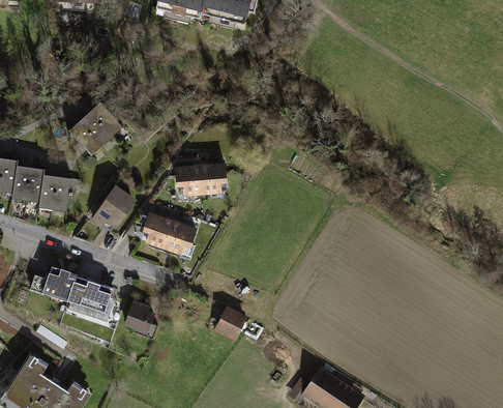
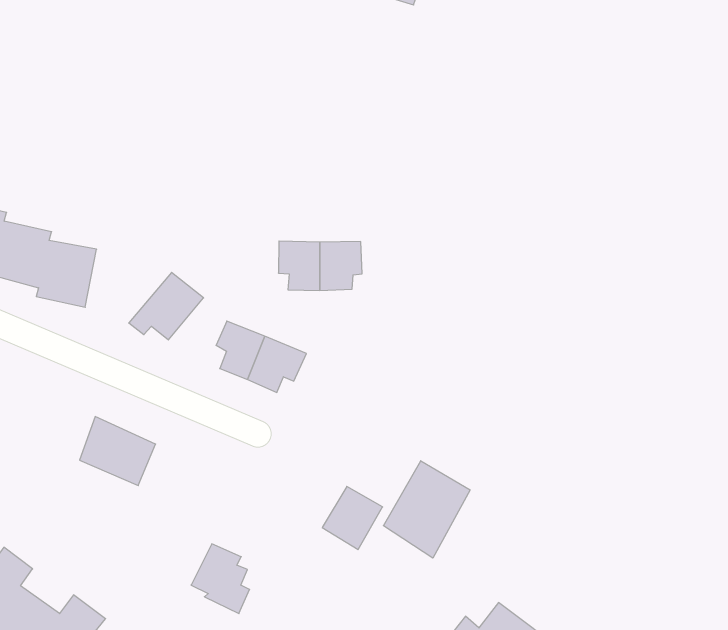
building: [68,103,121,154] -> none
building: [43,265,78,301] -> none
building: none -> [383,461,470,558]
building: [124,299,158,339] -> [191,544,250,614]

